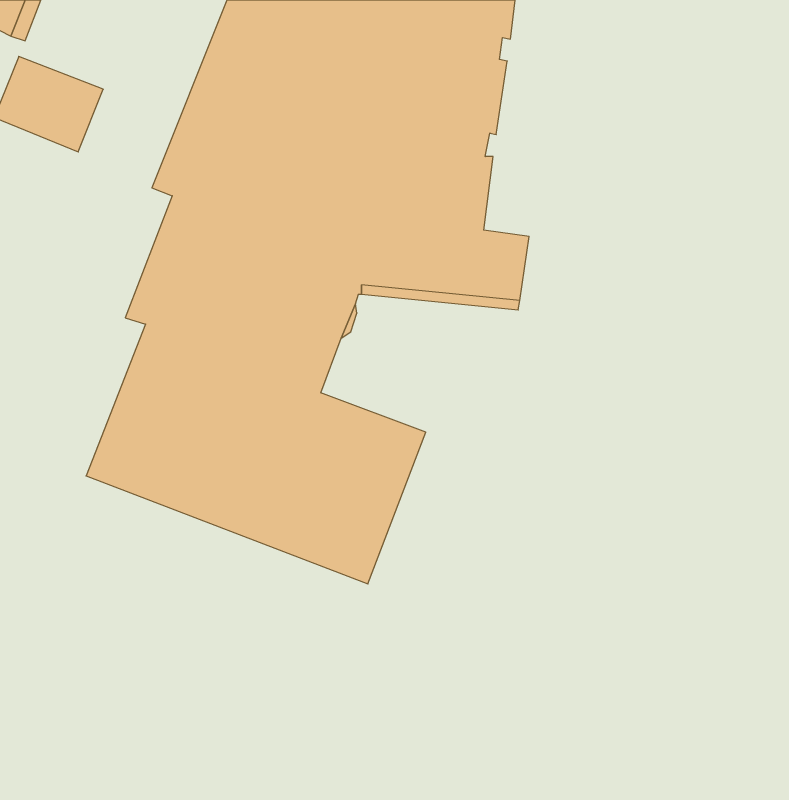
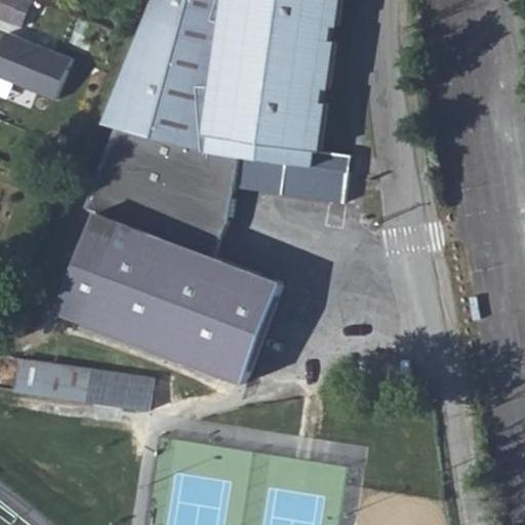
building: none -> [10,359,149,411]

